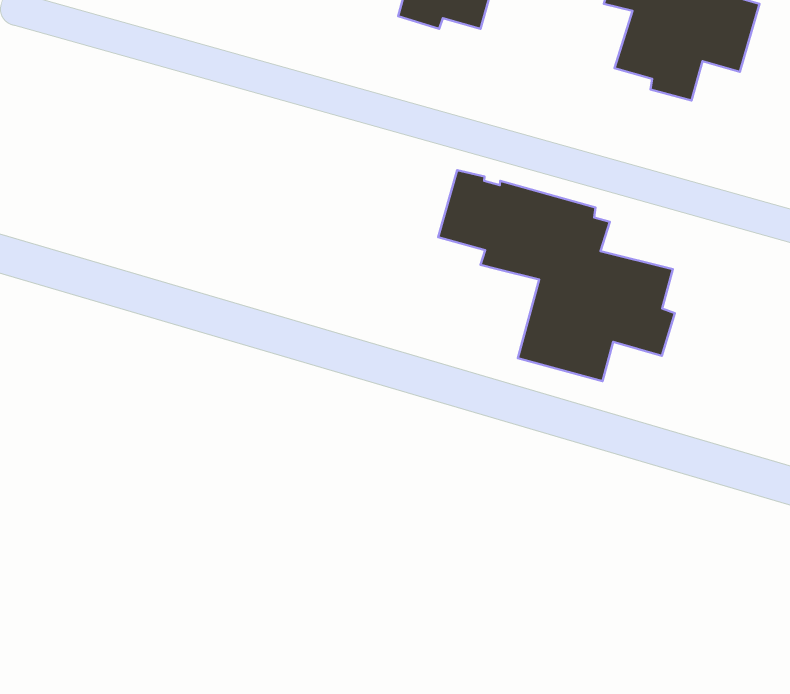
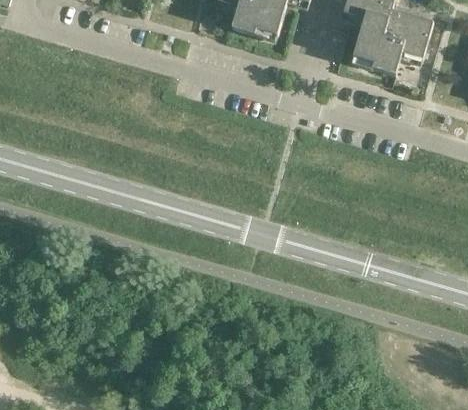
building: [438,170,675,381] -> none

